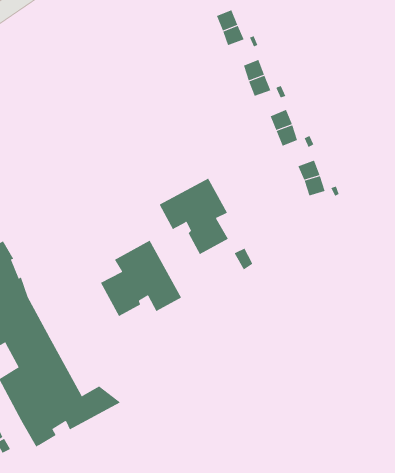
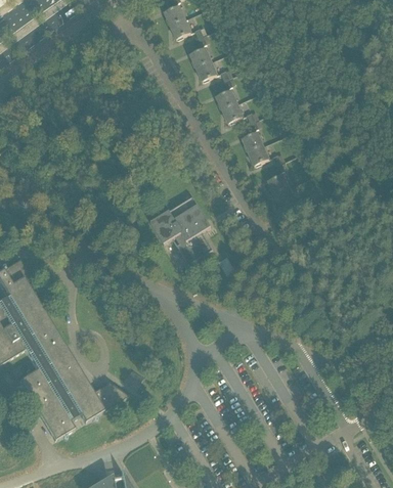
building: [100,240,182,317] -> none

